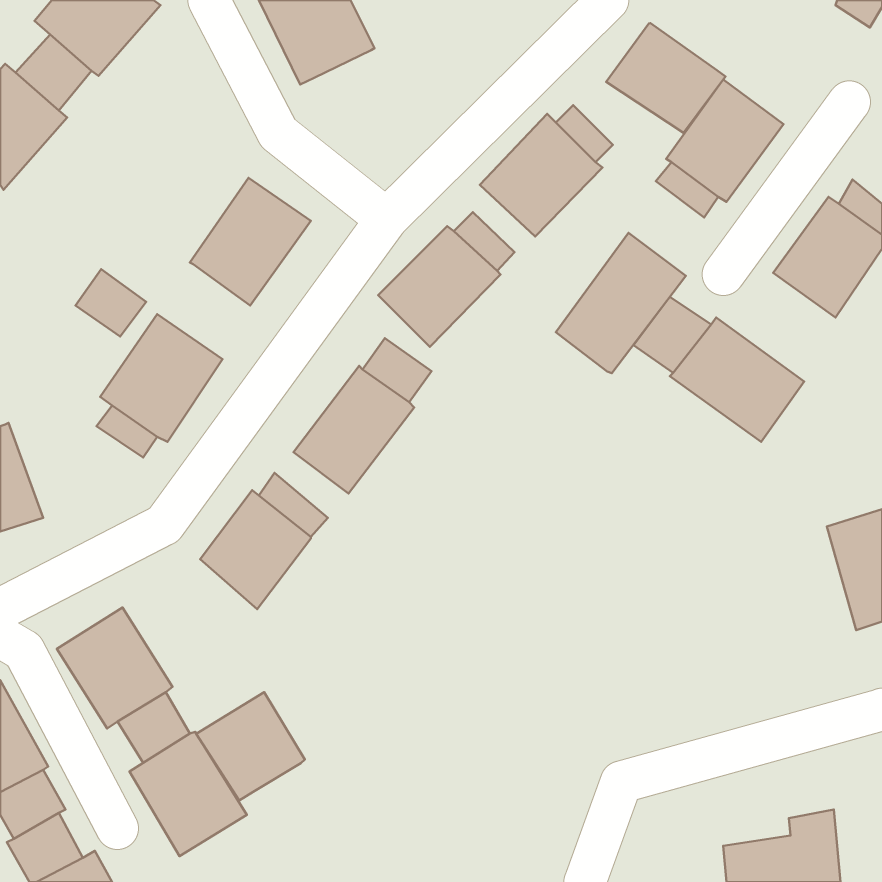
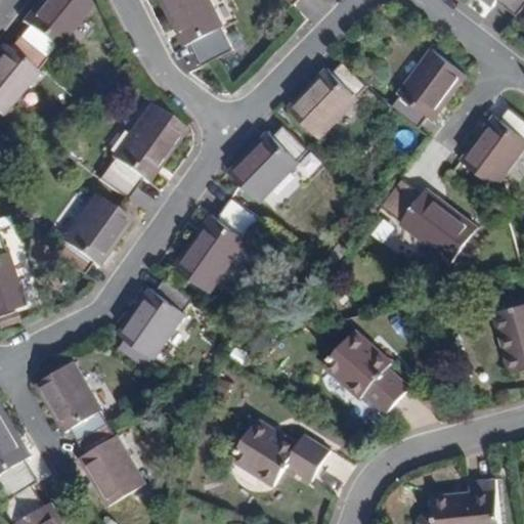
building: [606,23,725,133] -> none
building: none -> [186,30,230,67]
building: [556,233,686,373] -> none
building: [75,269,146,336] -> [99,157,141,196]
building: none -> [323,332,407,412]
building: [196,692,305,800] -> none
building: none -> [225,417,325,483]

